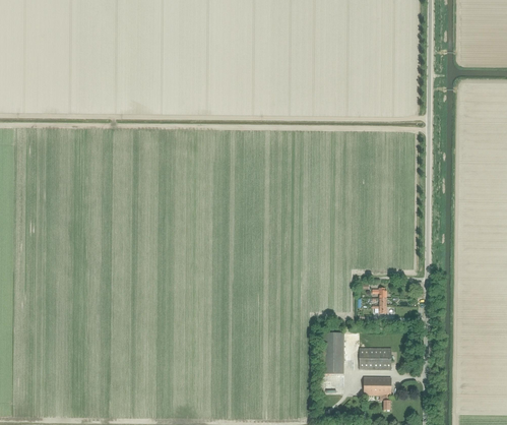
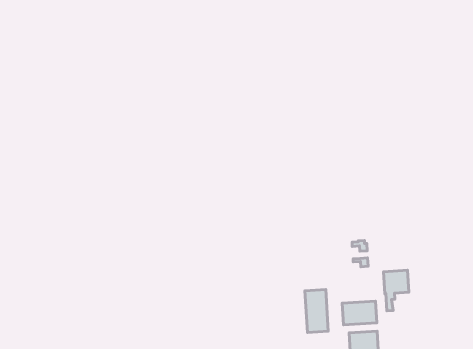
building: none -> [384,270,409,311]

